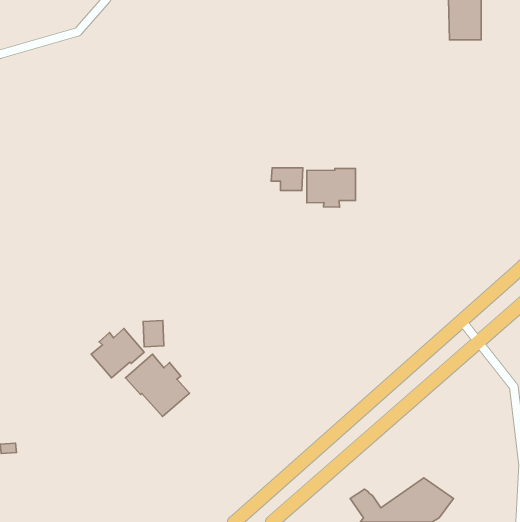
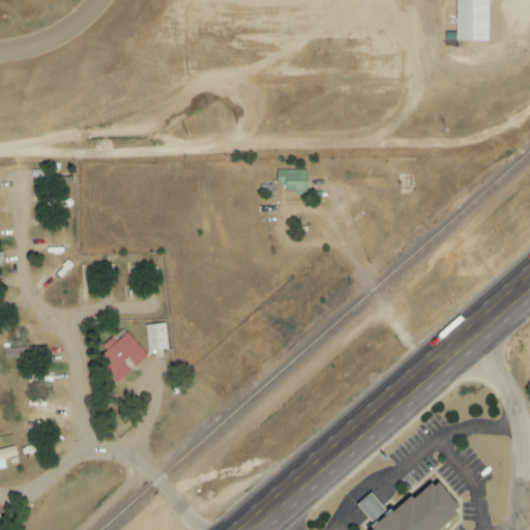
building: [307,168,355,207] -> none
building: [125,354,189,417] -> none

